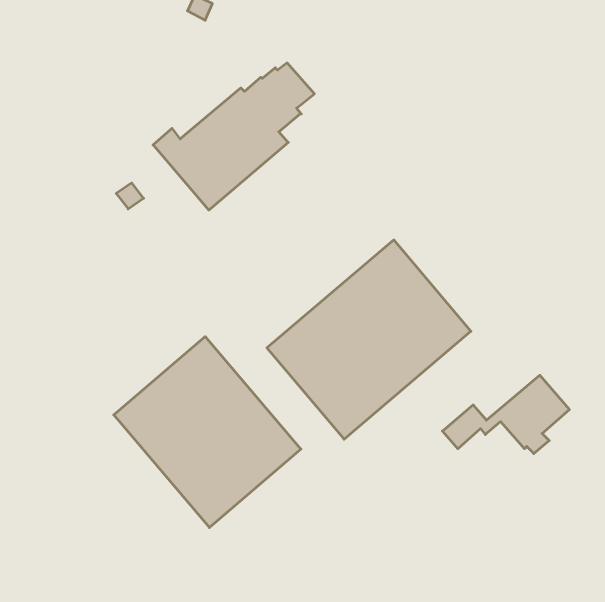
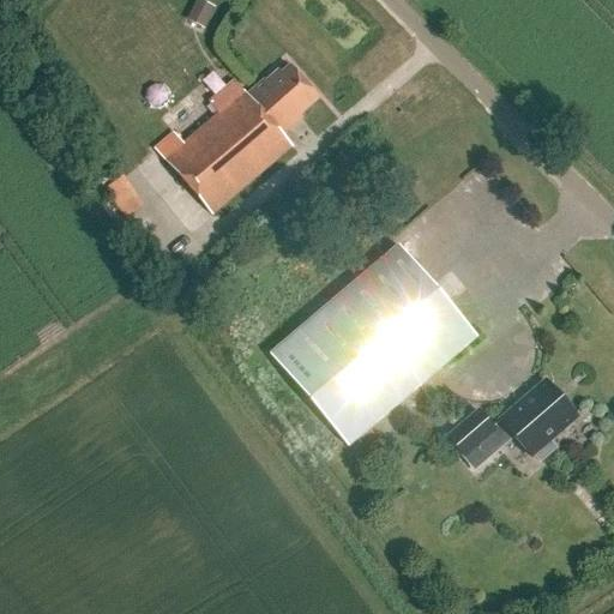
building: [114,337,301,528] -> none

